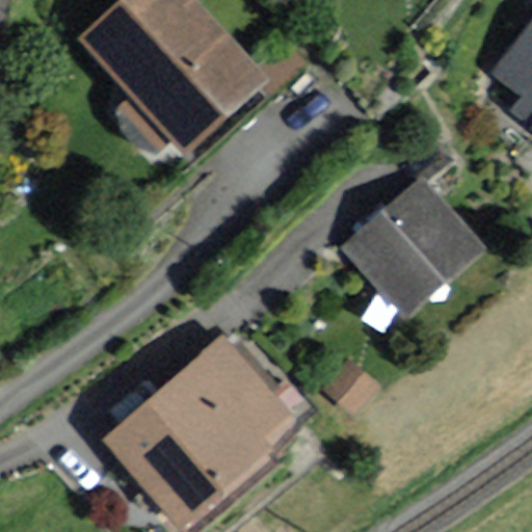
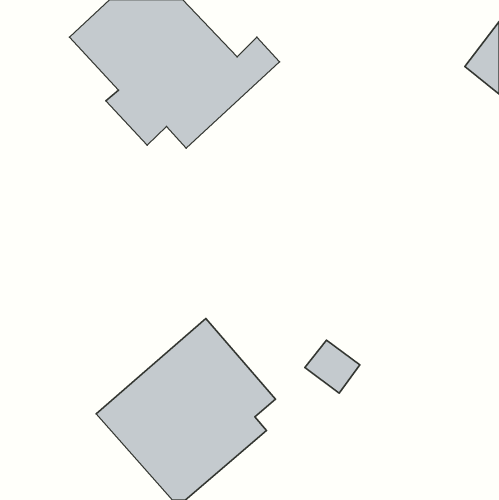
building: [342,177,482,315] -> none

